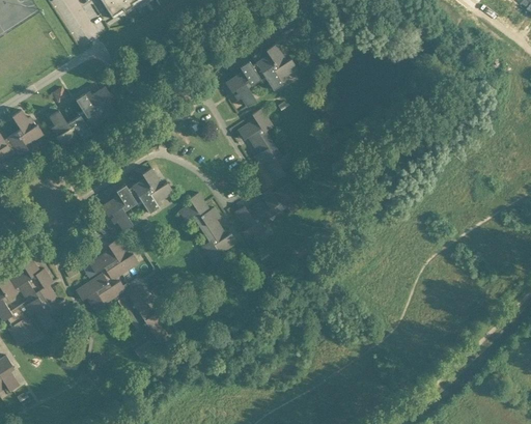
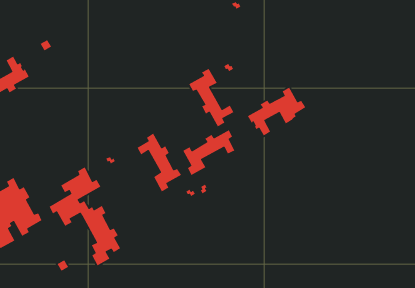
building: [224,41,296,105] -> [247,86,306,137]
building: [49,85,117,145] -> none
building: [101,166,173,229] -> none

